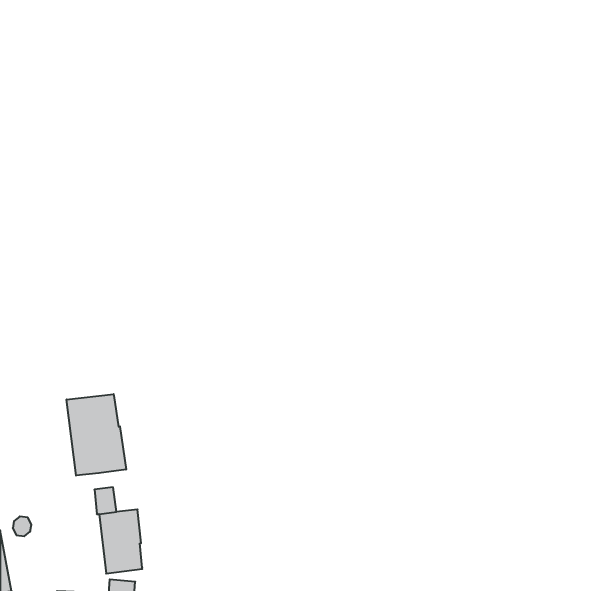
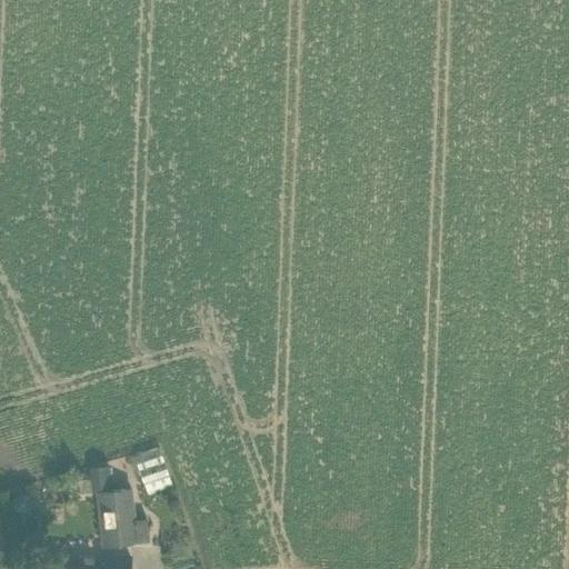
building: [67,394,126,476] -> none

